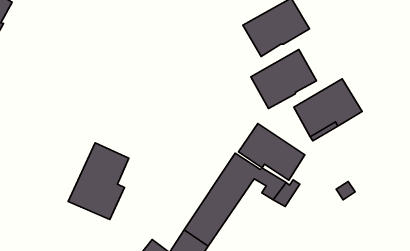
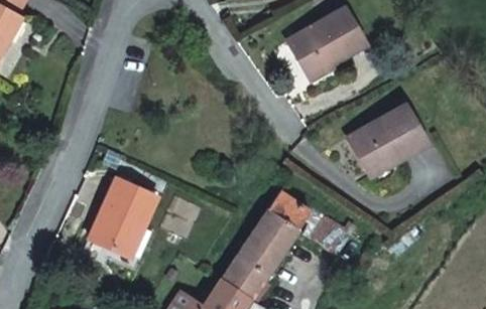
building: [251,50,316,108] -> none
building: [238,124,305,180] -> none

